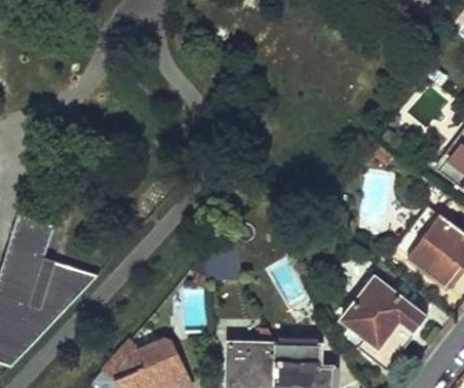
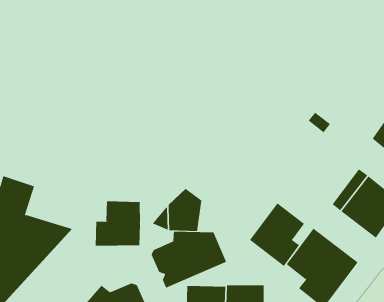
building: none -> [95,200,140,247]
building: none -> [249,203,305,267]
building: none -> [151,231,227,289]

